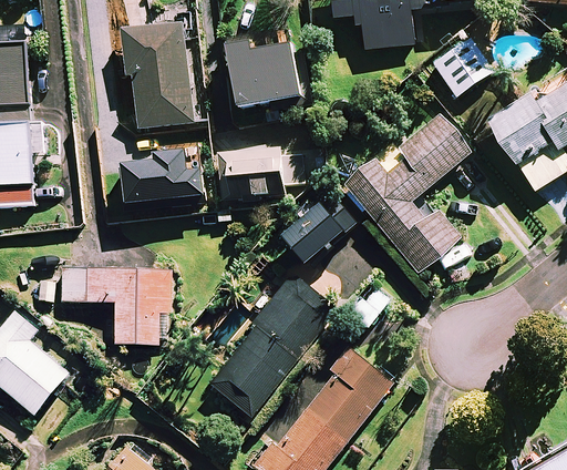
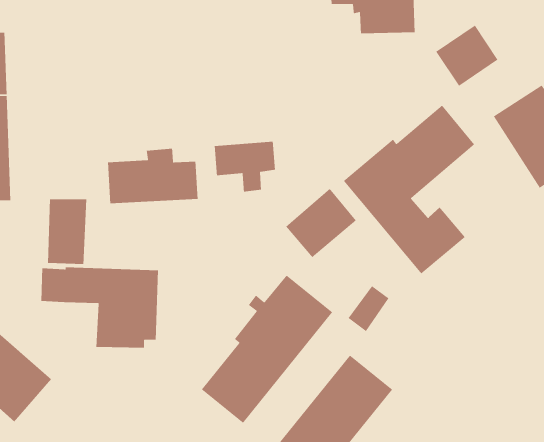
building: [125,24,195,129] -> none
building: [229,48,300,109] -> none
building: none -> [47,198,87,265]

